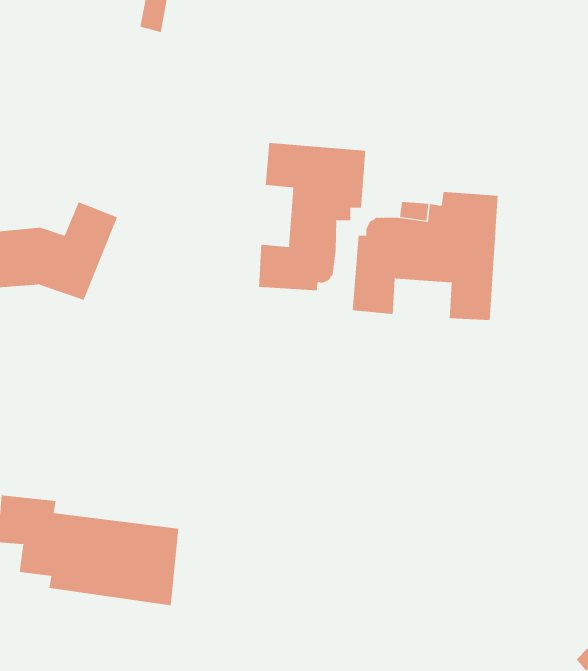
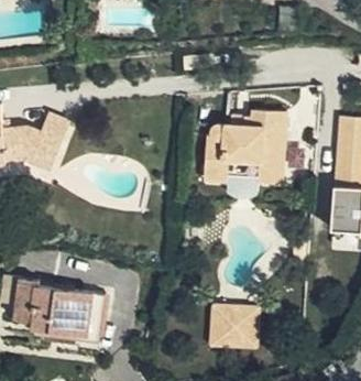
building: [259,142,366,291] -> none
building: none -> [210,306,256,346]

